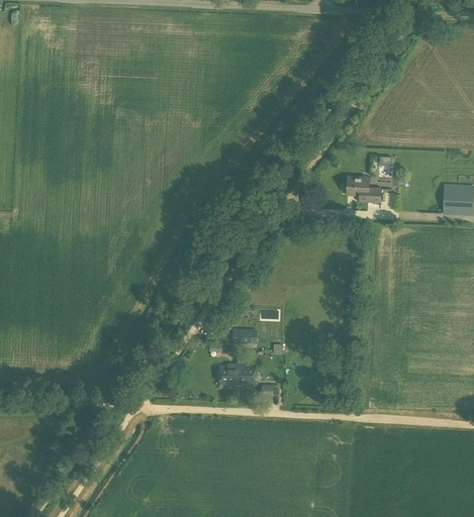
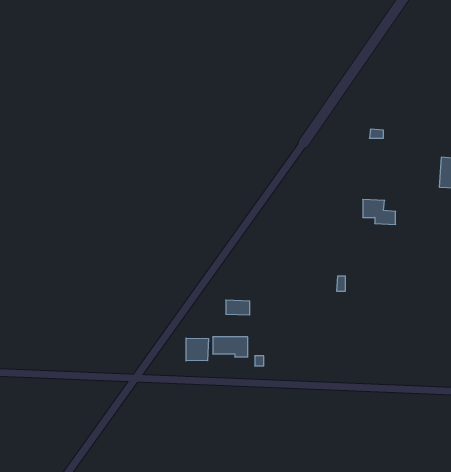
building: [346,176,379,201] -> [363,199,396,224]
building: none -> [186,338,209,361]

